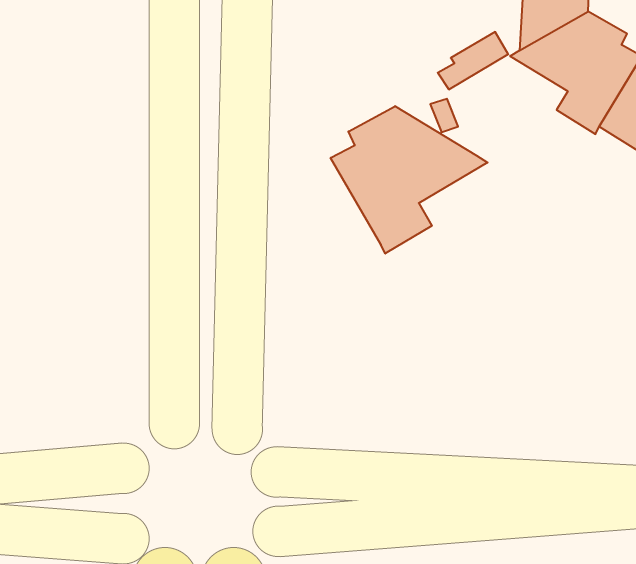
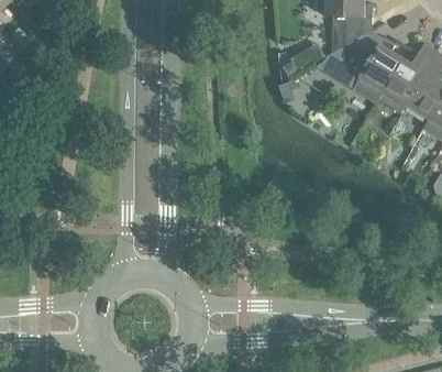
building: [331,106,488,254] -> none

